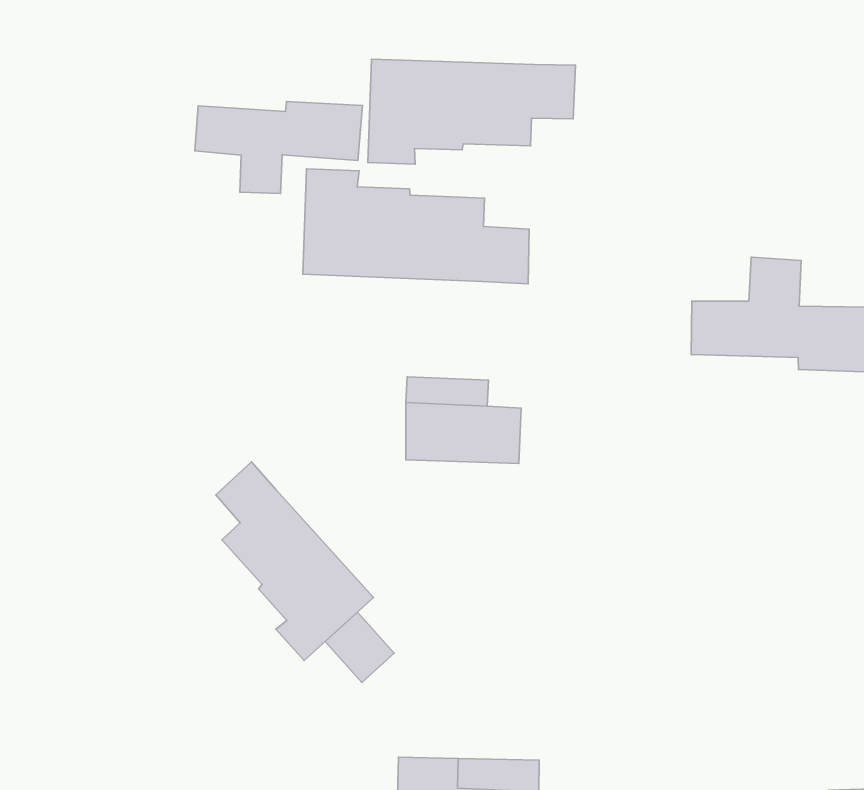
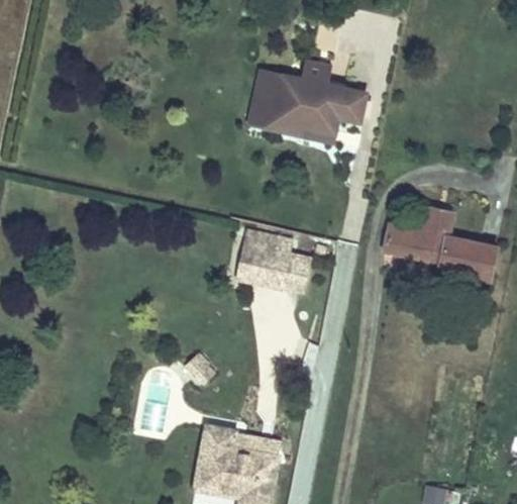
building: [195,101,362,193] -> none
building: [303,169,529,284] -> none
building: [216,462,374,661] -> none

